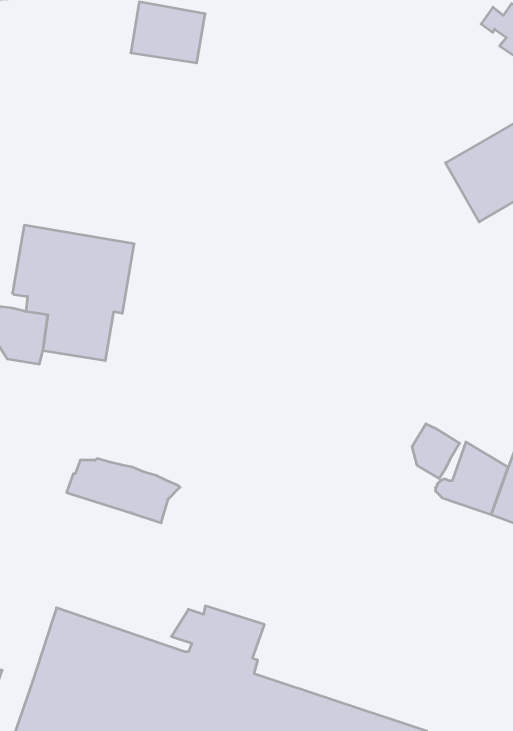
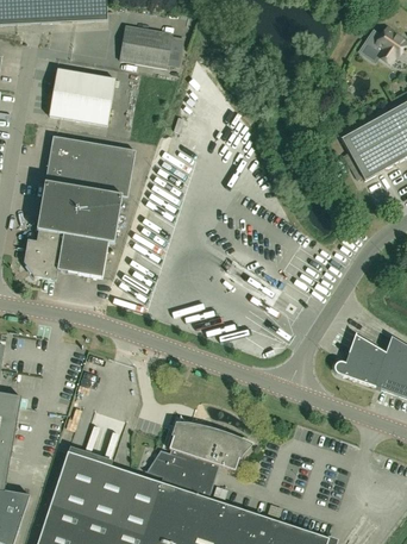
building: none -> [49,68,115,124]
building: none -> [45,135,136,195]
building: [412,424,460,478] -> none
building: [67,459,180,523] -> [169,424,249,469]

